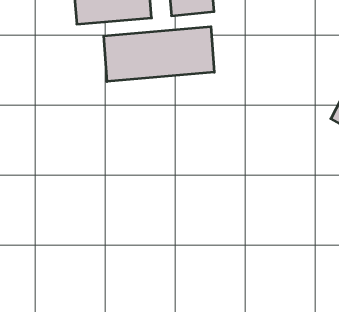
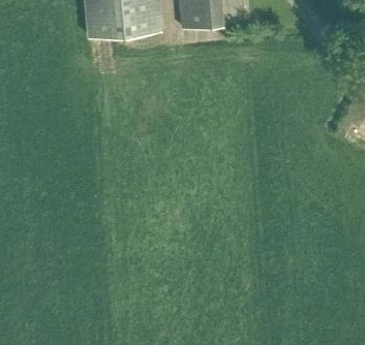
building: [104,27,214,82] -> none

